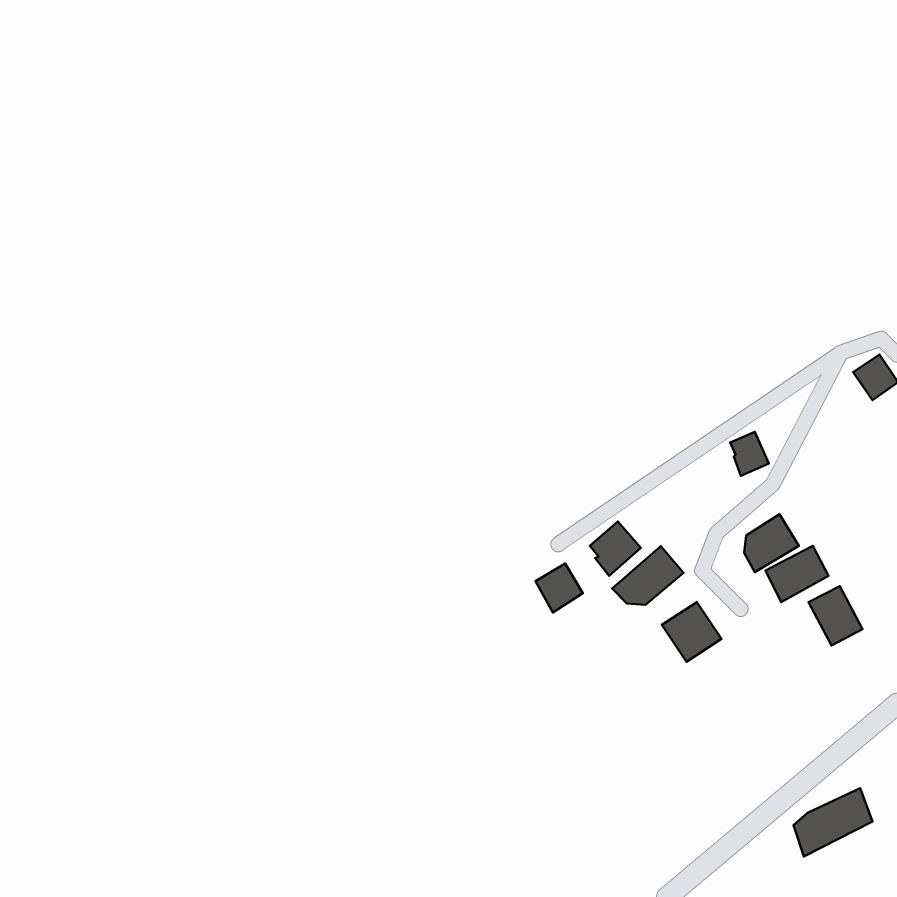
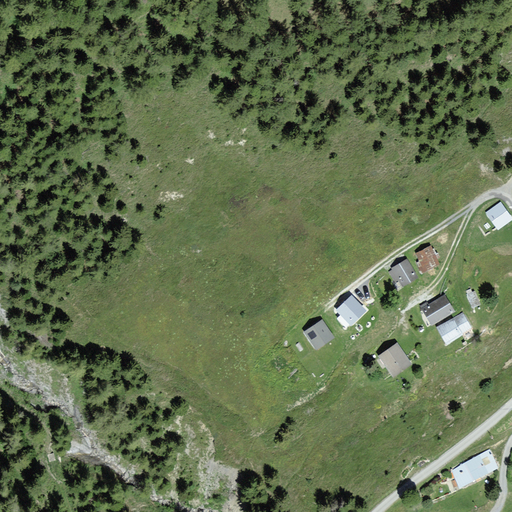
building: none -> [390,259,417,285]
building: [612,546,684,605] -> none
building: [809,586,863,645] -> none

